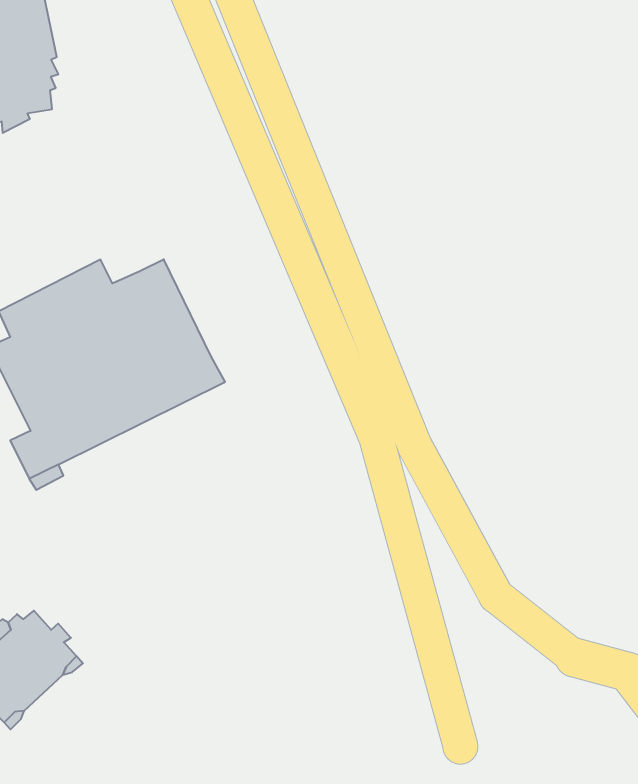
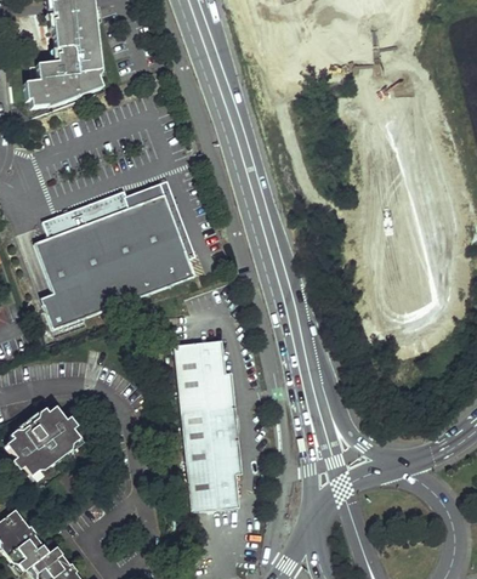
building: none -> [138,180,189,257]
building: none -> [174,340,242,513]

